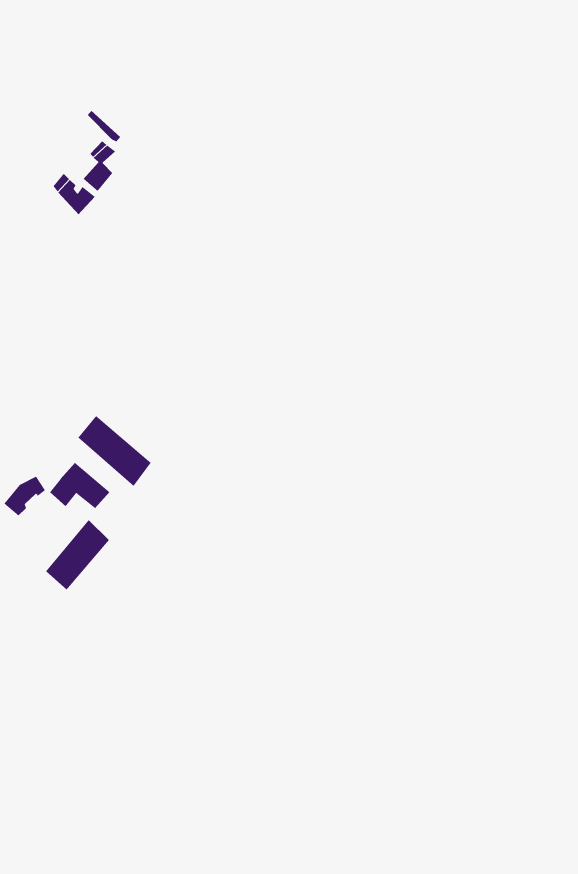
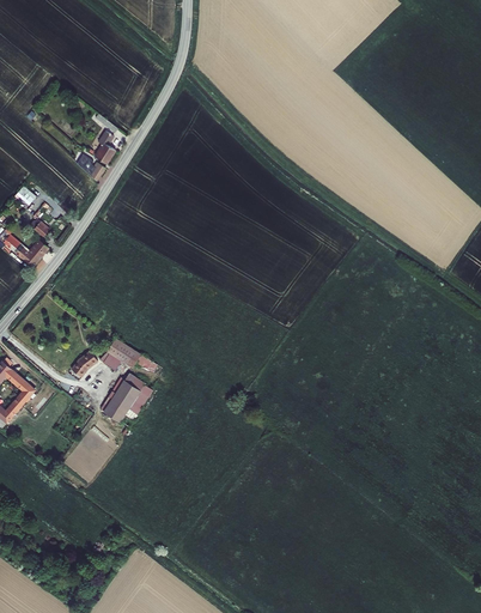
building: [78,415,152,487] -> none

